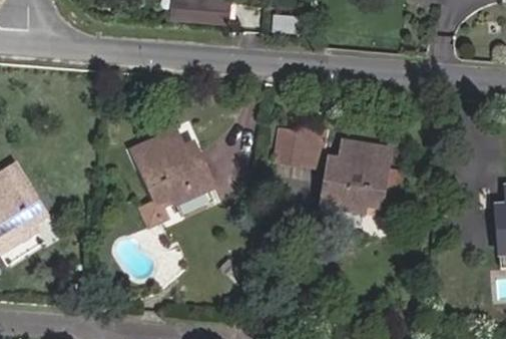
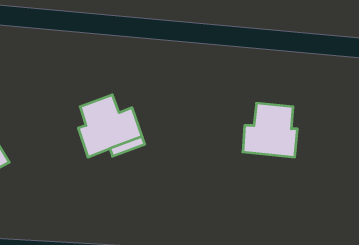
building: [274,125,323,161] -> none

